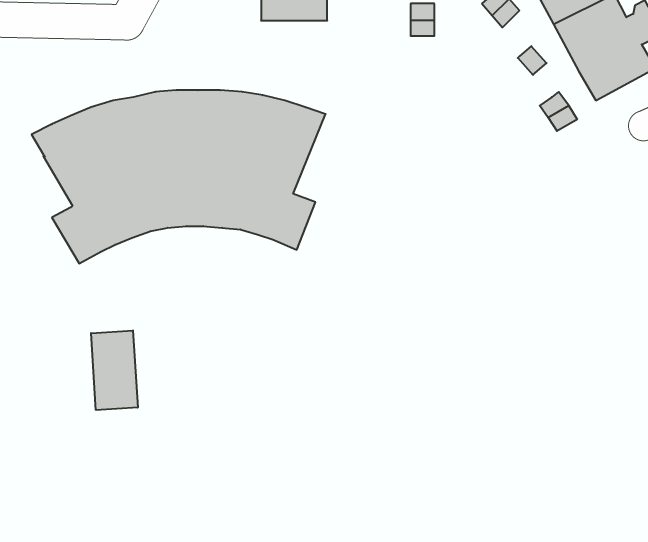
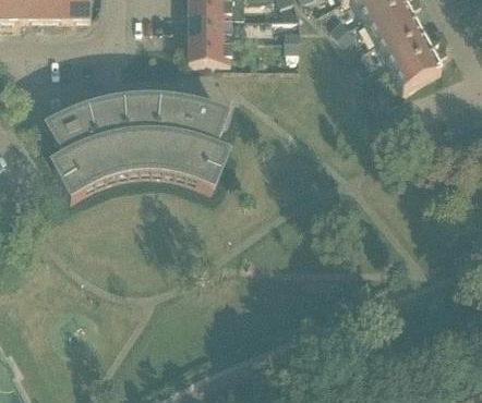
building: none -> [188,44,230,65]
building: [91,330,138,410] -> none

